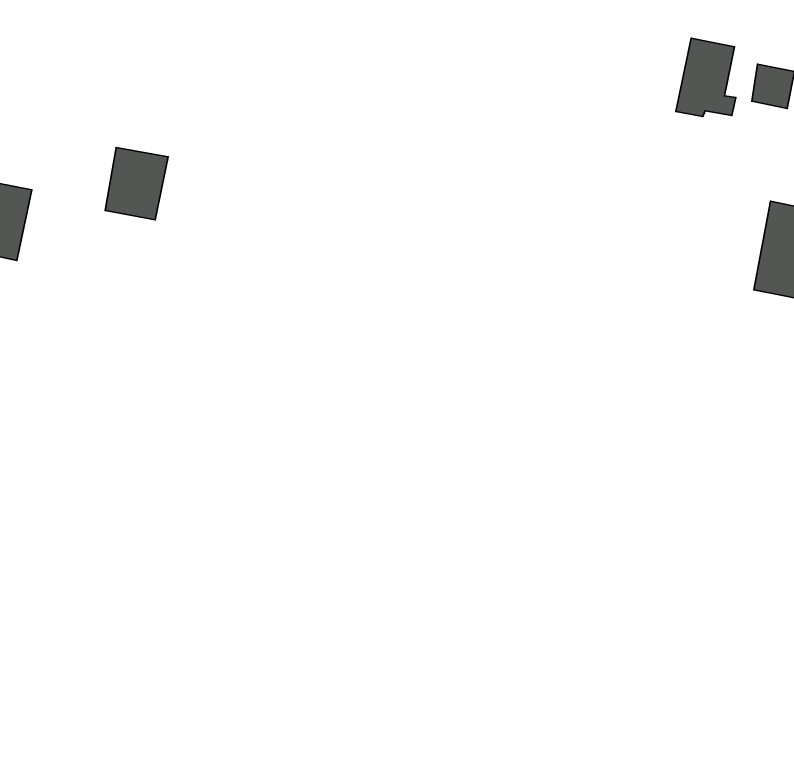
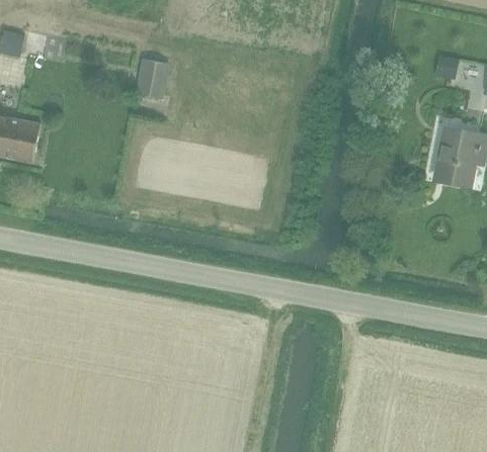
building: [676,38,736,116] -> none
building: [105,148,168,220] -> [134,58,168,97]

